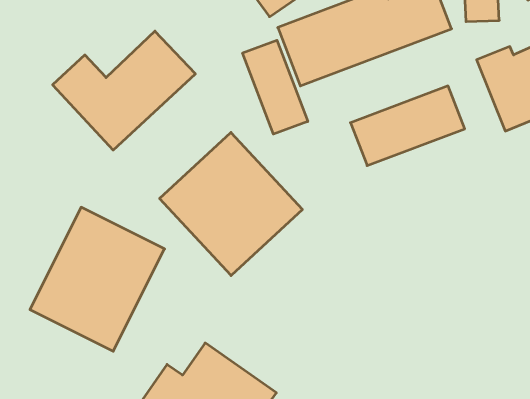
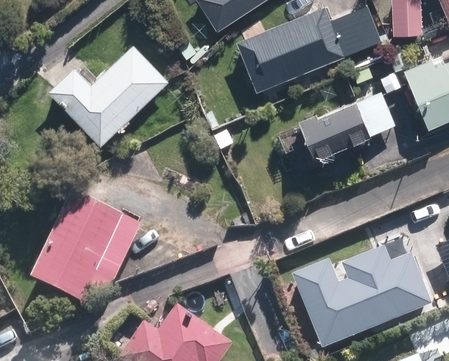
building: [243,40,308,134] -> none
building: [160,132,302,276] -> none
building: none -> [295,246,431,347]

